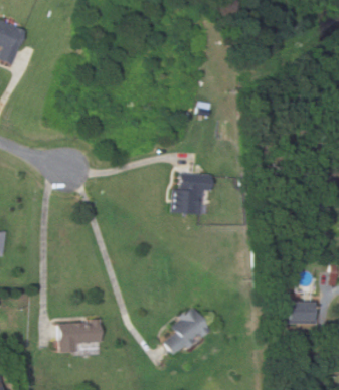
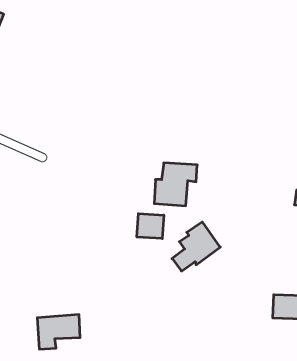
building: none -> [137,214,164,239]
building: [164,307,210,354] -> [172,222,220,271]

